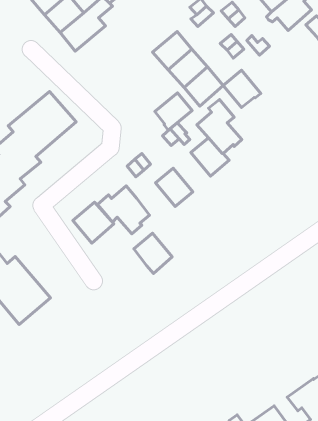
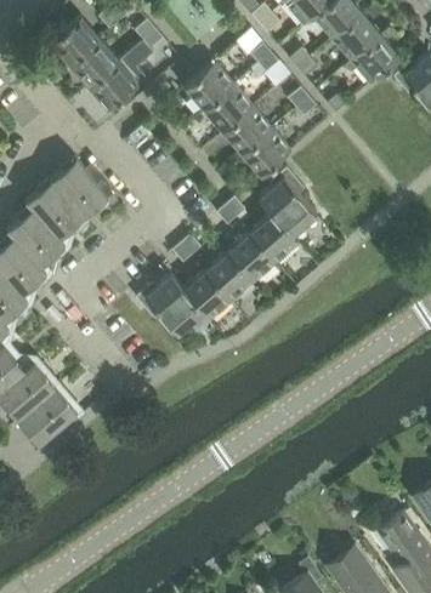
building: none -> [185,61,234,109]
building: [223,70,261,107] -> none
building: [155,93,192,130] -> none
building: none -> [229,233,276,281]
building: [73,202,114,243] -> none
building: [134,233,172,273] -> [185,270,232,320]

